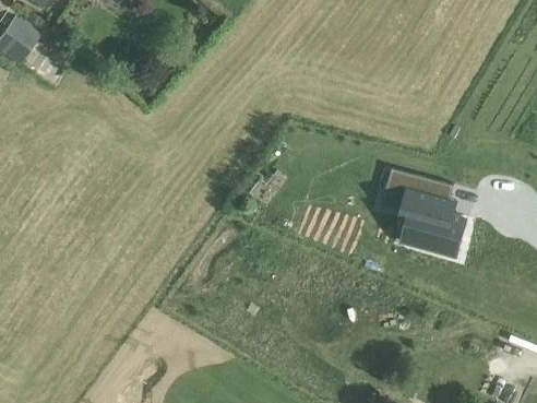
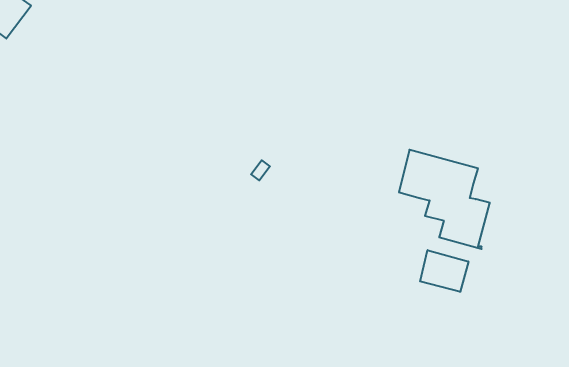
building: none -> [420,250,468,292]

